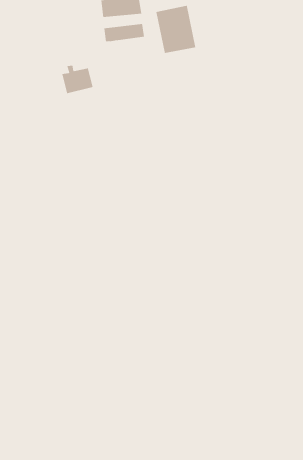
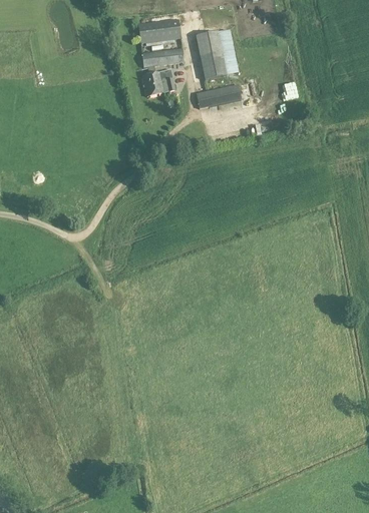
building: none -> [196,84,241,108]
building: [62,65,93,94] -> [141,66,174,96]

